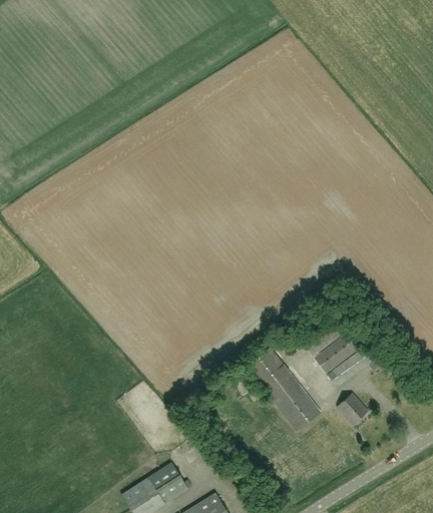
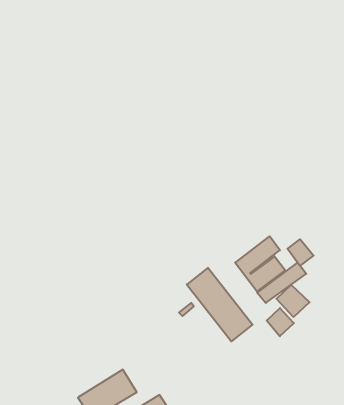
building: none -> [287,239,314,266]
building: none -> [276,285,310,317]

